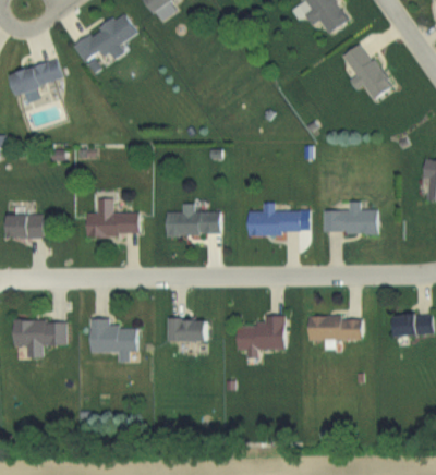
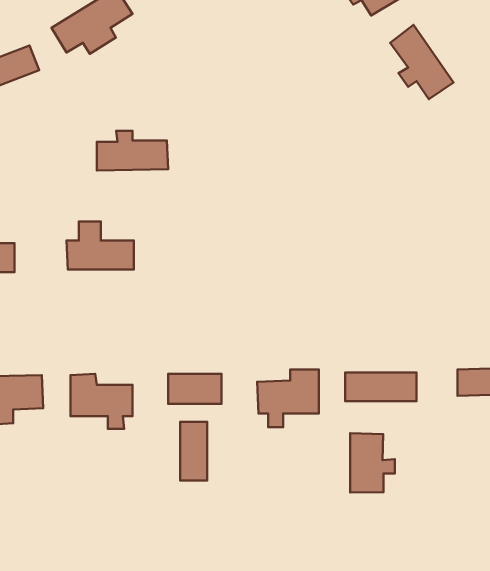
building: [322,202,377,234] -> none
building: [246,203,300,235] -> none
building: [164,204,220,235] -> [97,131,168,171]
building: none -> [180,422,207,481]
building: none -> [350,433,395,492]

